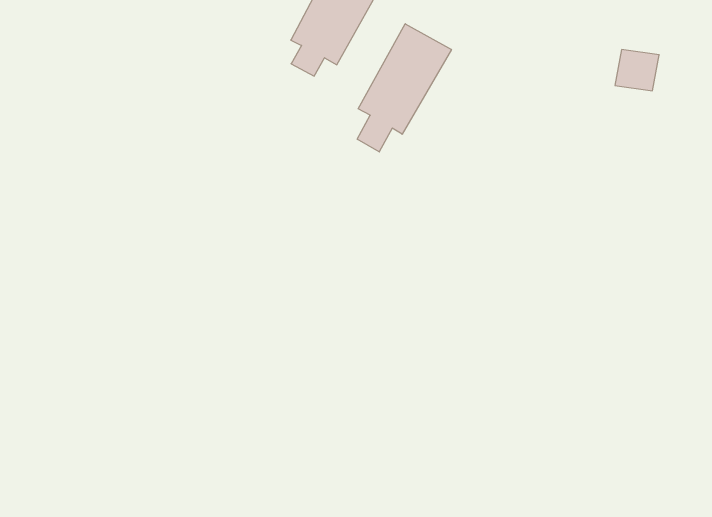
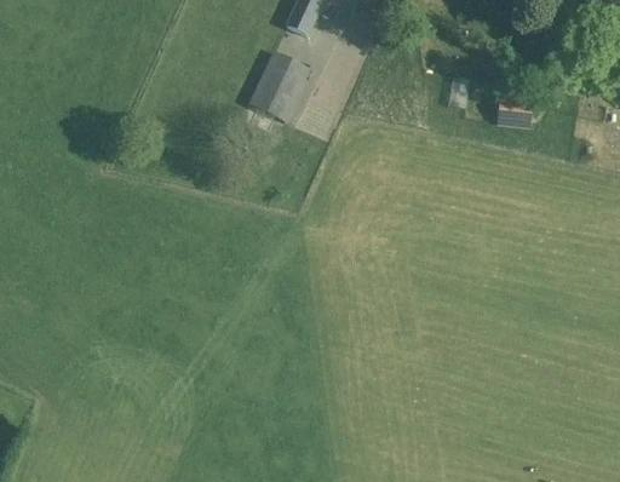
building: [357,24,451,152] -> none

